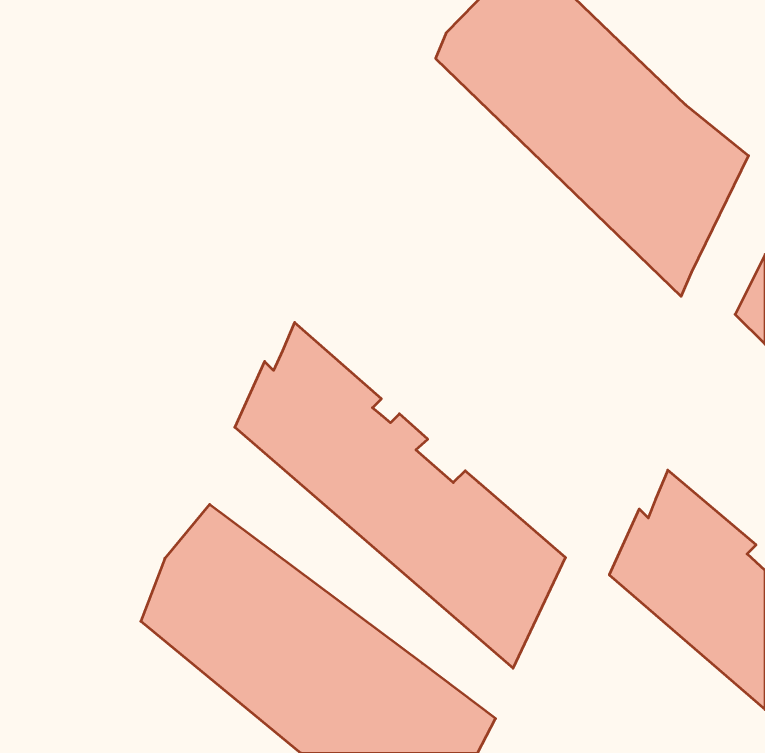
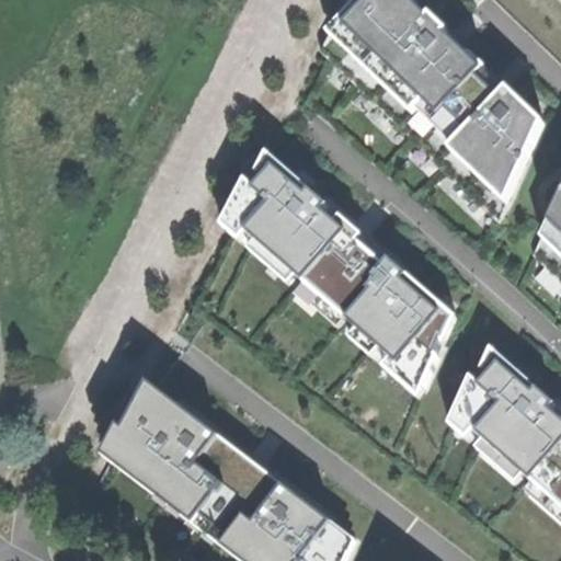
building: [235,322,566,668] -> [216,144,458,397]

